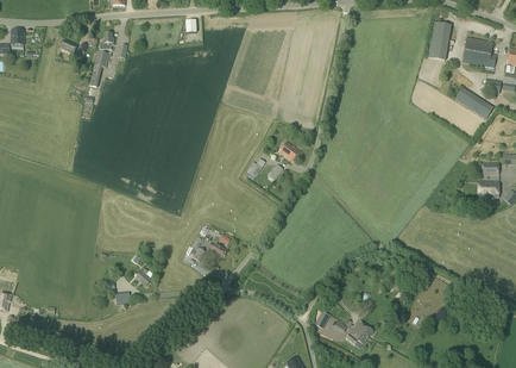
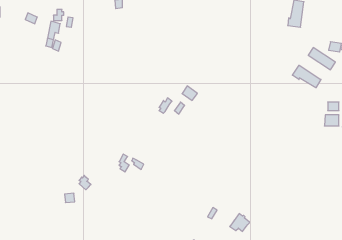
building: [462,37,496,67] -> none
building: none -> [292,65,321,88]

